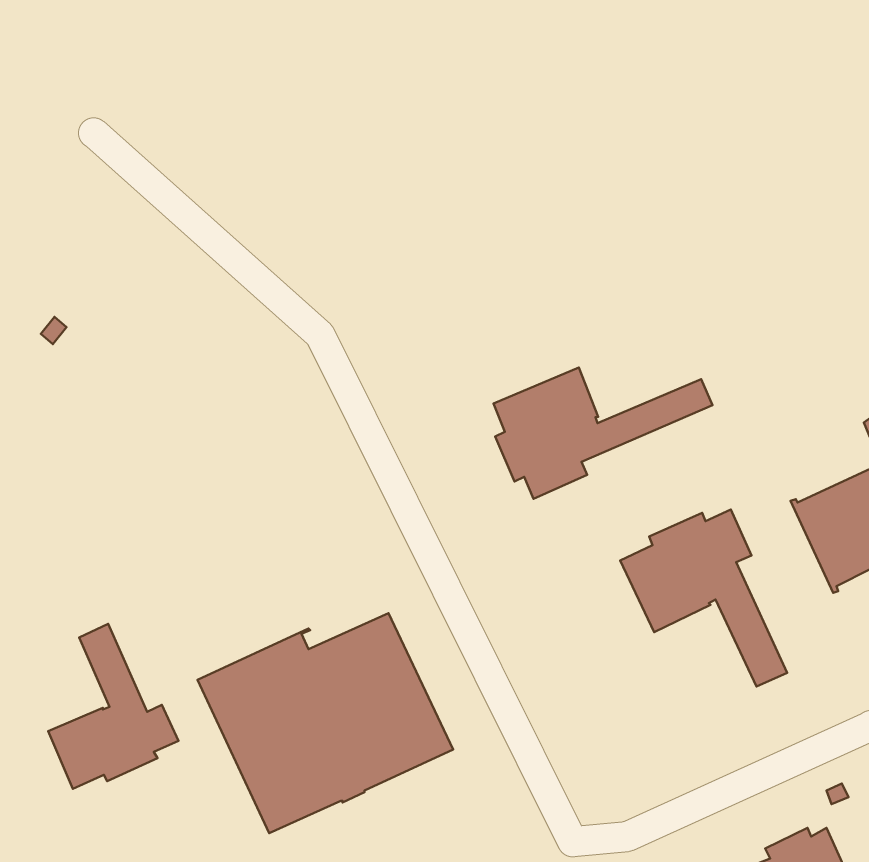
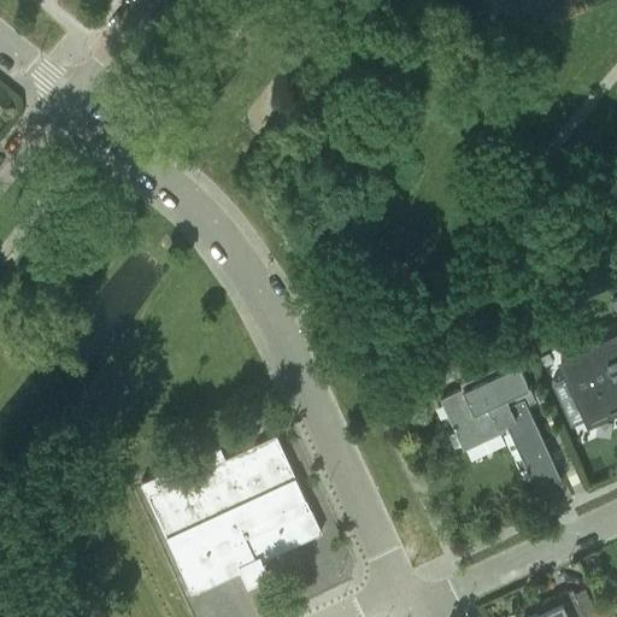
building: [493,368,713,499] -> none
building: [48,624,178,789] -> none

